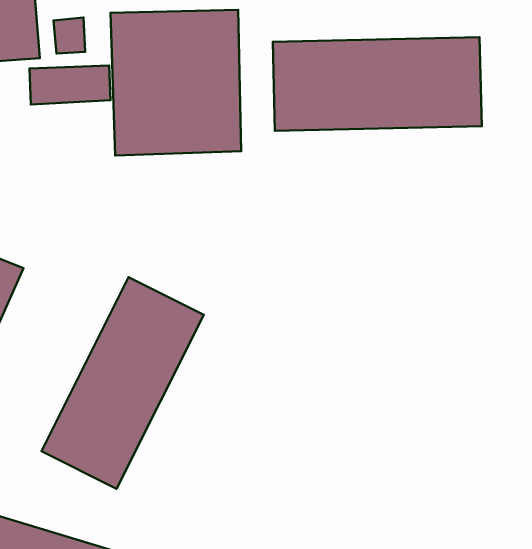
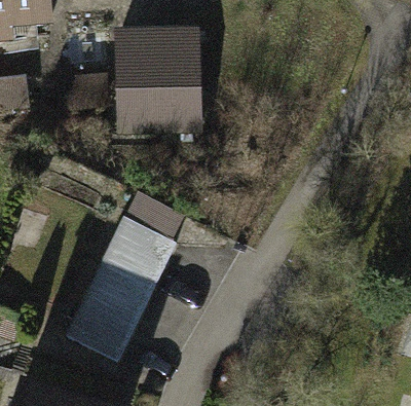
building: [273,37,482,131] -> none

